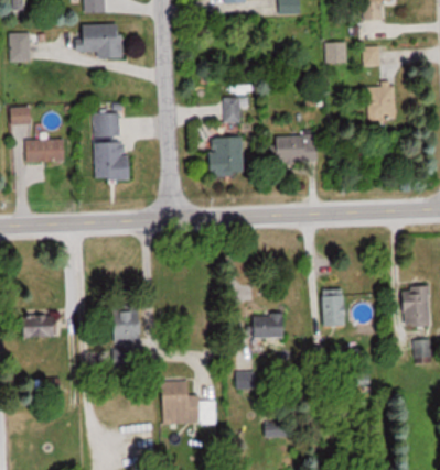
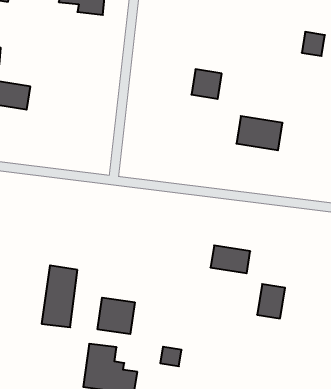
building: [93,112,131,179] -> none
building: [211,136,244,175] -> none
building: [250,316,287,338] -> [210,245,250,273]
building: none -> [98,298,135,334]

